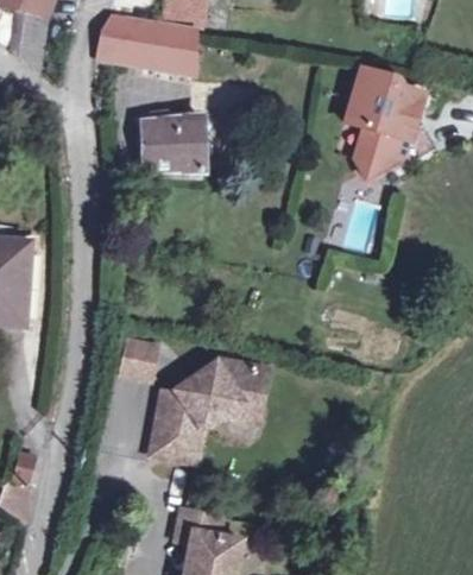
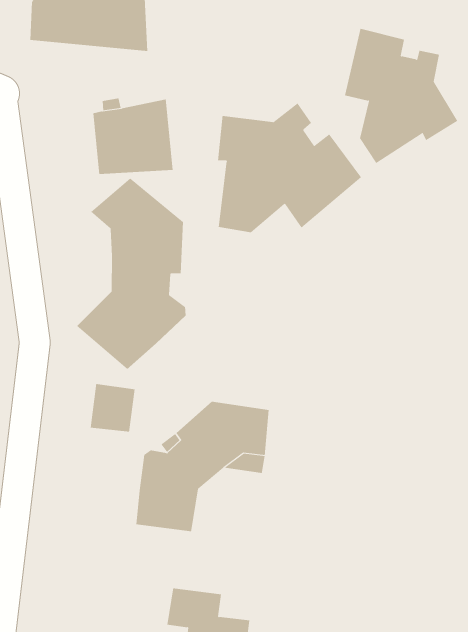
building: none -> [217,102,362,233]
building: none -> [76,178,186,370]

